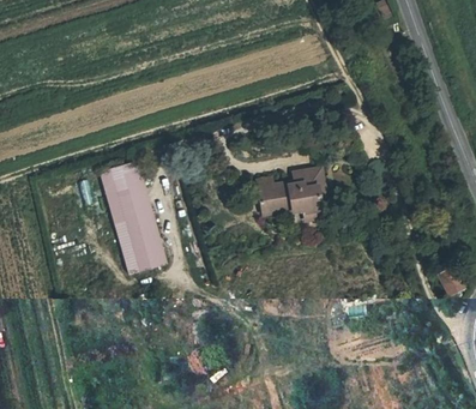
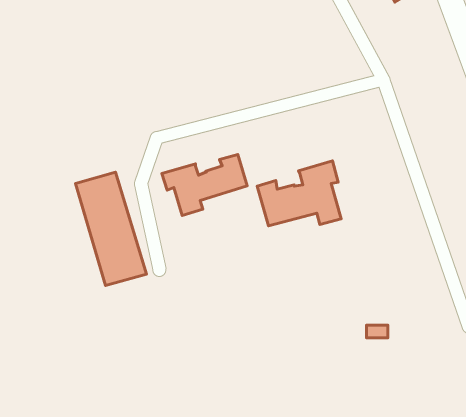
building: none -> [162,154,247,216]

